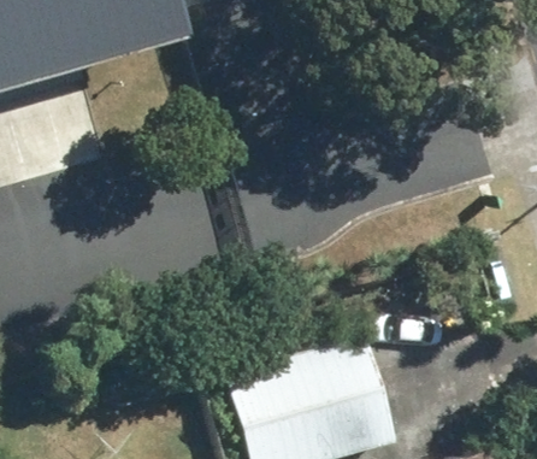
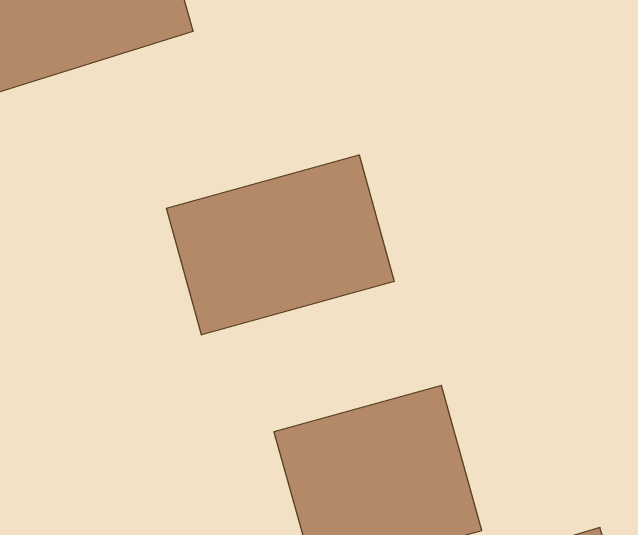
building: none -> [167,155,394,335]

